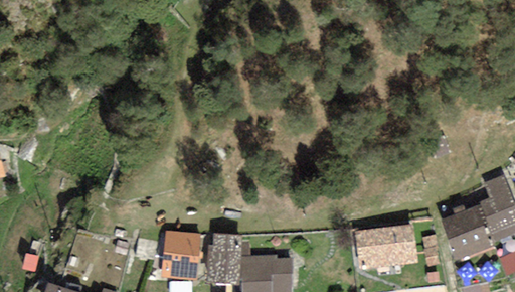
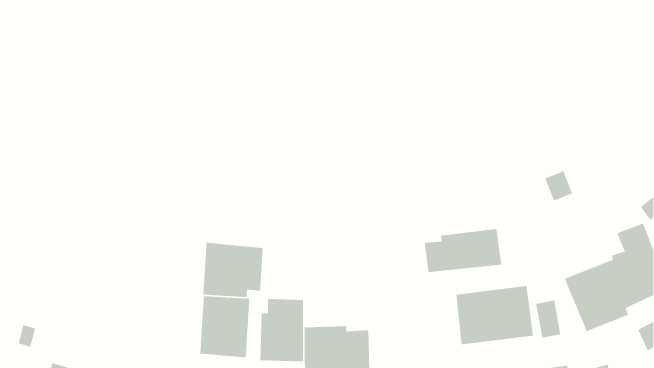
building: none -> [424,228,502,273]
building: none -> [203,242,263,298]

